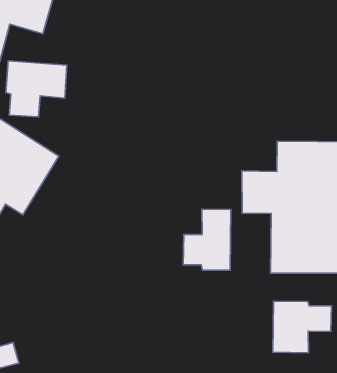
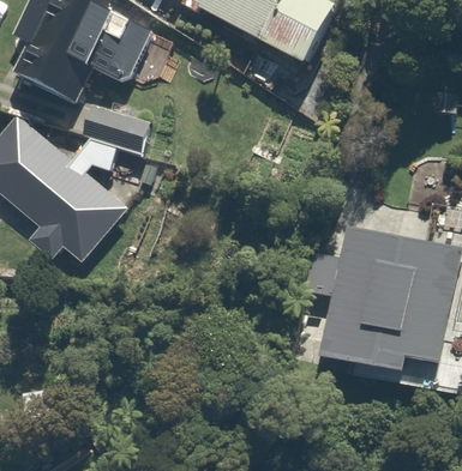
building: [183,209,231,270] -> none
building: [273,301,332,353] -> none

